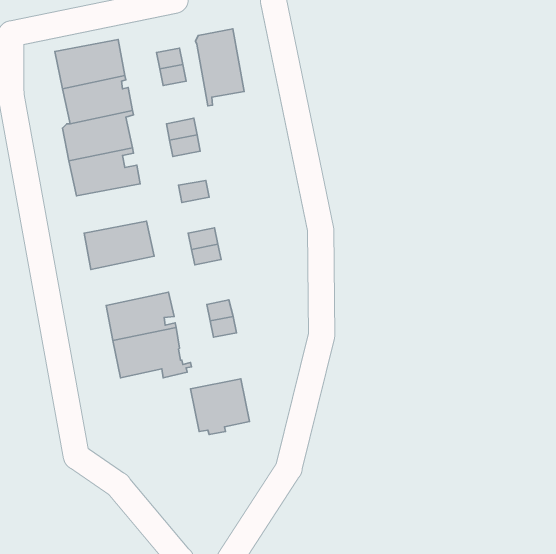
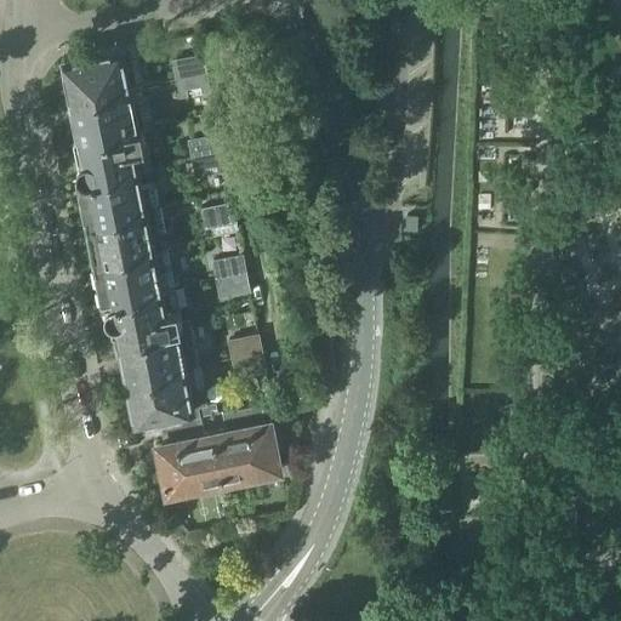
building: [195,29,244,106] -> none
building: none -> [82,210,163,266]
building: none -> [101,290,187,344]
building: none -> [155,421,221,496]

